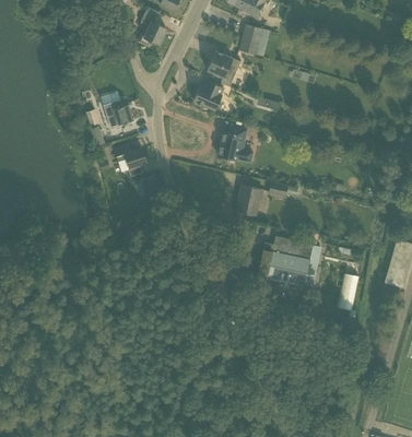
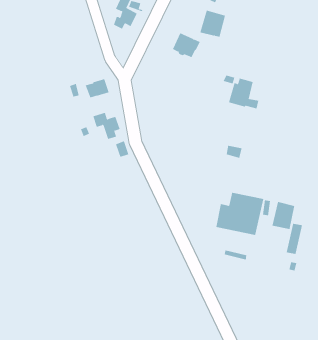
building: [193,80,223,109] -> none
building: [216,125,252,161] -> [228,78,259,109]
building: [236,184,262,214] -> none
building: none -> [272,201,295,230]

